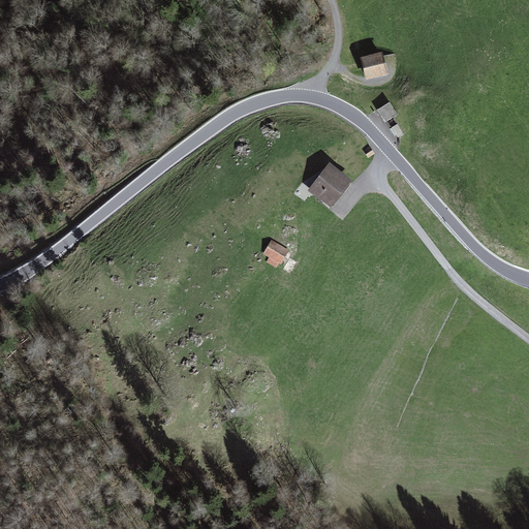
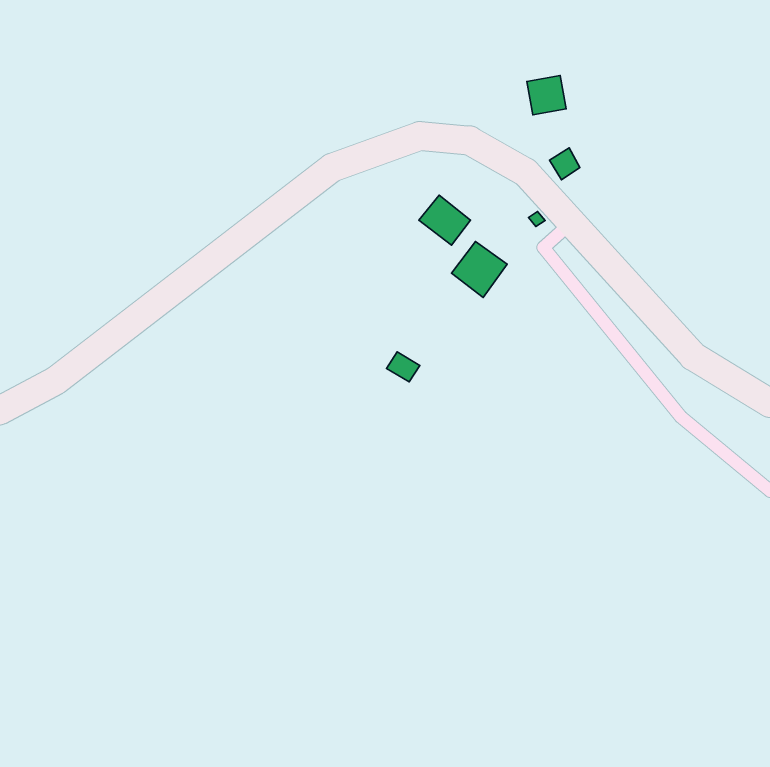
building: none -> [419,195,471,245]

